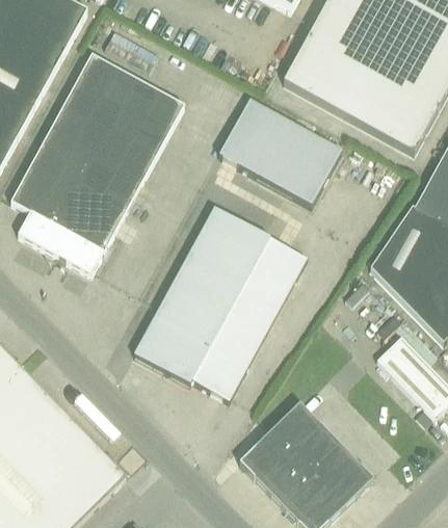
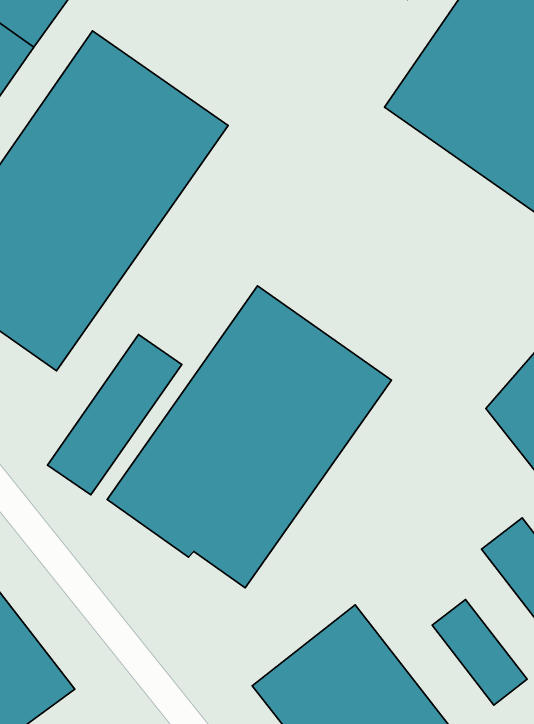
building: [218,98,341,205] -> none
building: none -> [48,335,182,495]
building: none -> [432,599,527,705]

